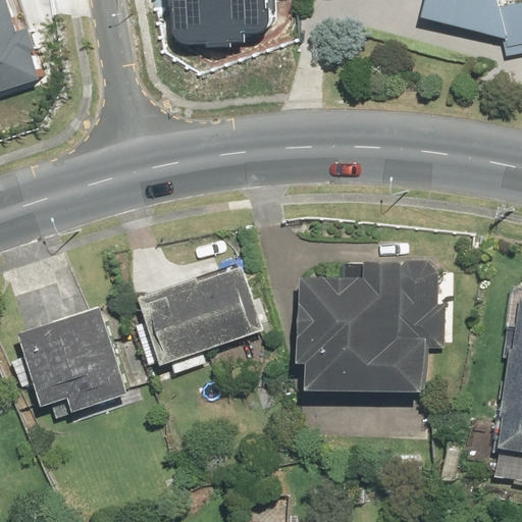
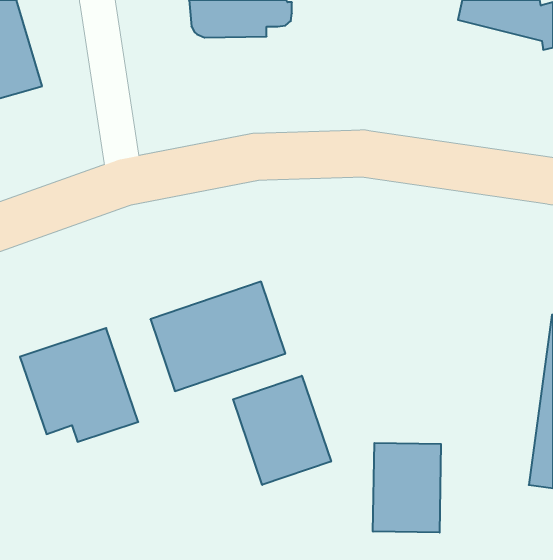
building: [301,261,439,388] -> none
building: none -> [233,376,331,485]
building: none -> [373,443,441,533]

